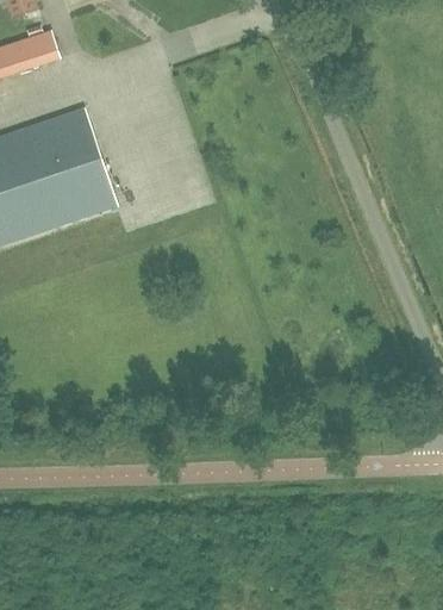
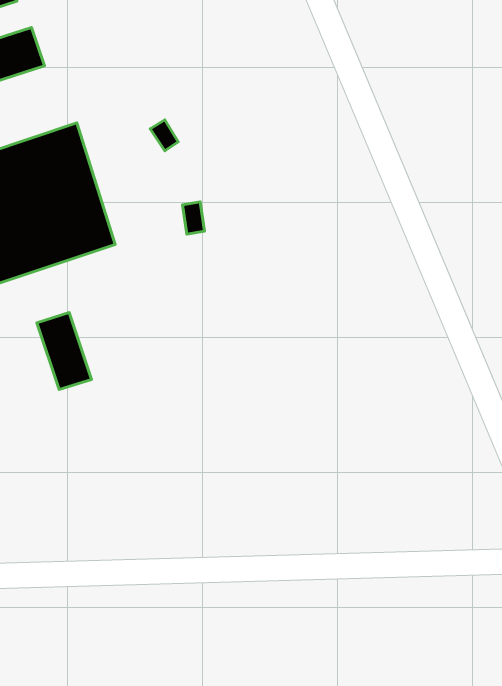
building: none -> [37,313,92,389]

